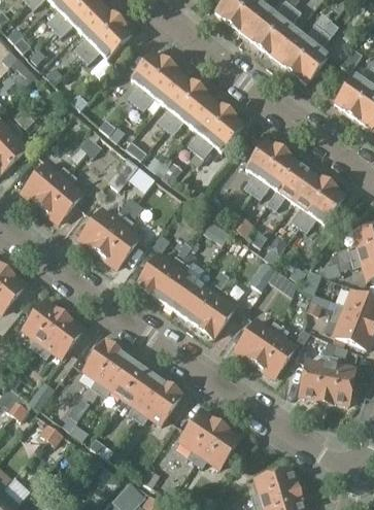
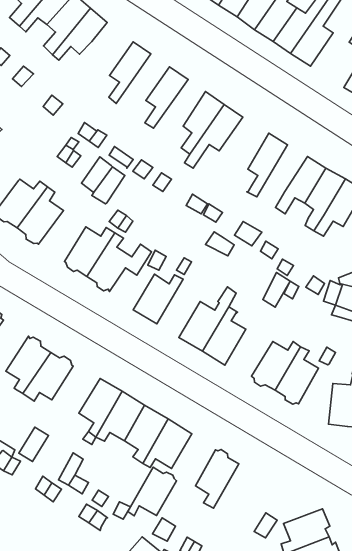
building: [135,62,183,109] -> none
building: [166,87,213,133] -> none
building: [251,149,298,198] -> none
building: [157,260,196,310] -> none
building: [195,423,239,466] -> [128,467,177,516]

